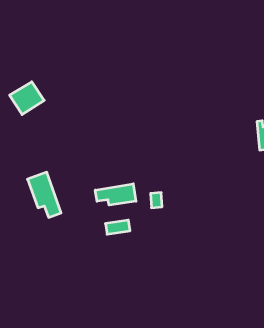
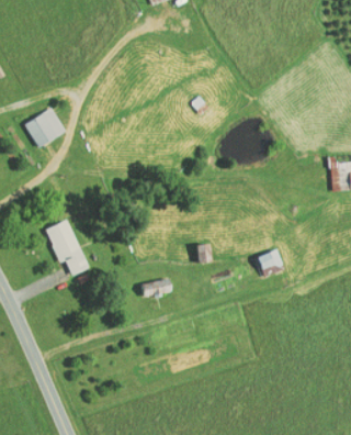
building: [95,184,136,205] -> none
building: none -> [258,249,284,275]

